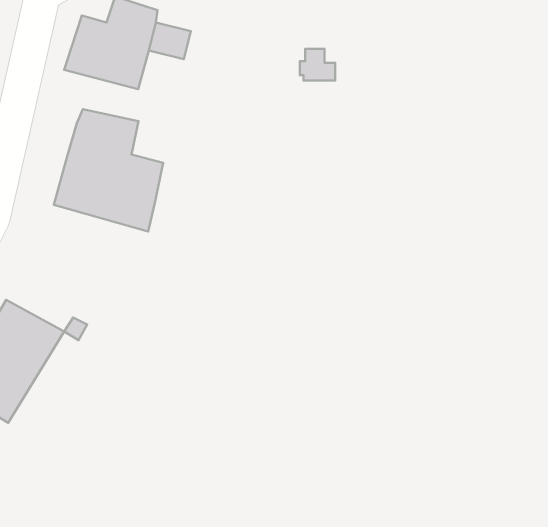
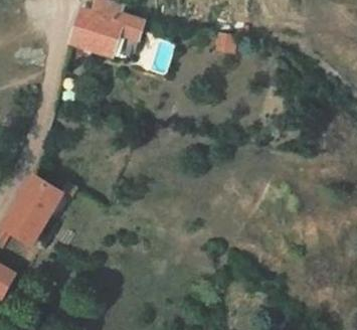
building: [54,109,163,232] -> none

